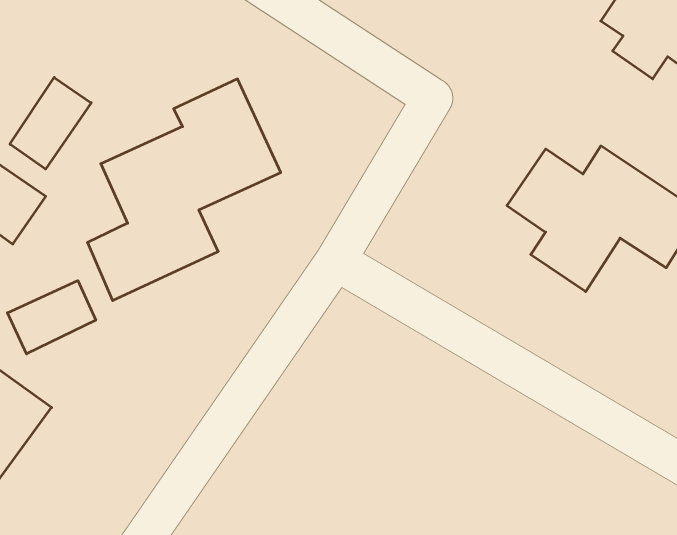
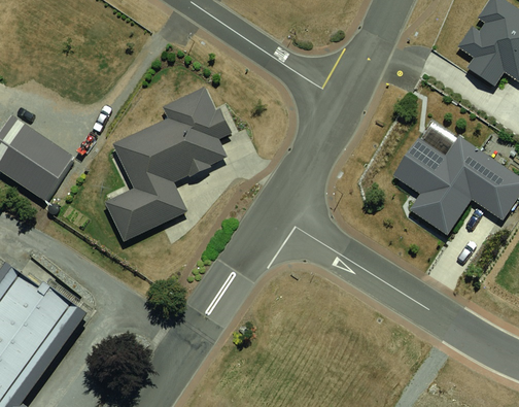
building: [10,77,91,169] -> none
building: [7,281,96,354] -> none

